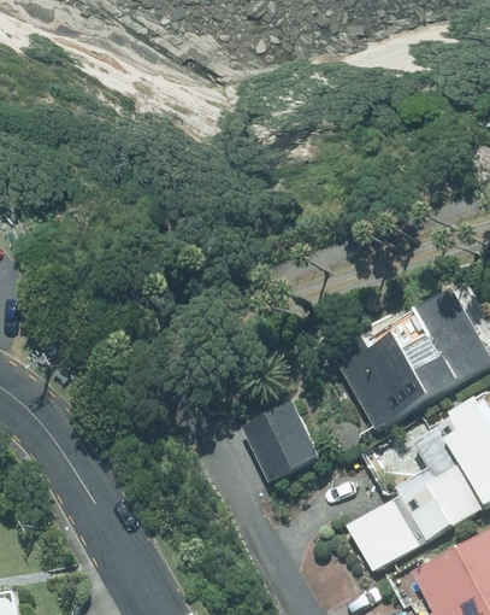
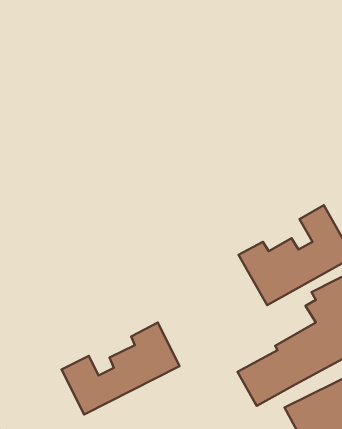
building: [244,405,327,486] -> none
building: none -> [62,322,179,414]

